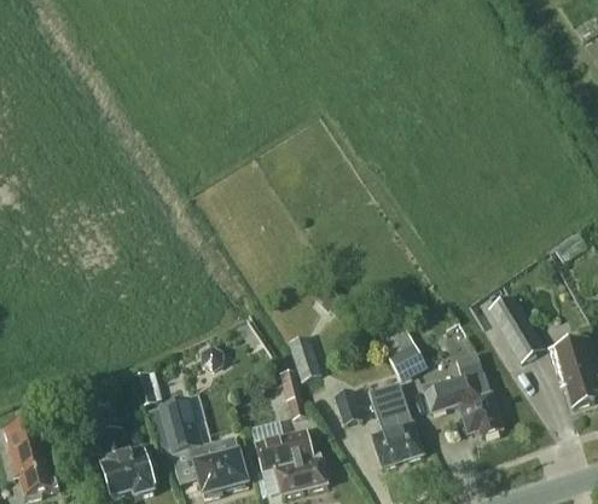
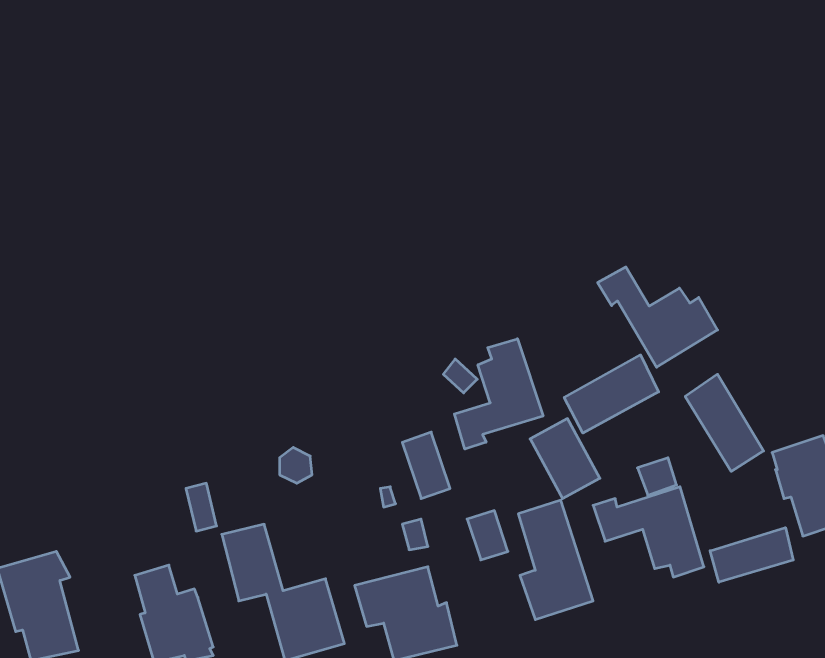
building: none -> [598,267,718,367]
building: none -> [454,339,543,449]
building: none -> [564,355,659,433]
building: none -> [710,528,793,582]

